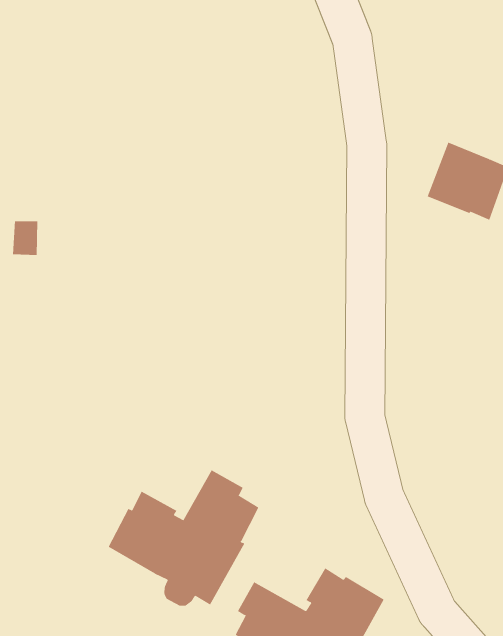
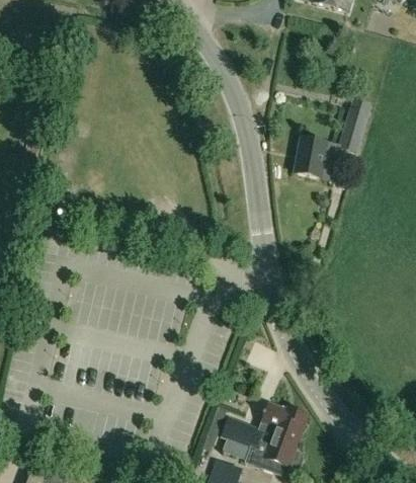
building: [108,470,259,607] -> none

